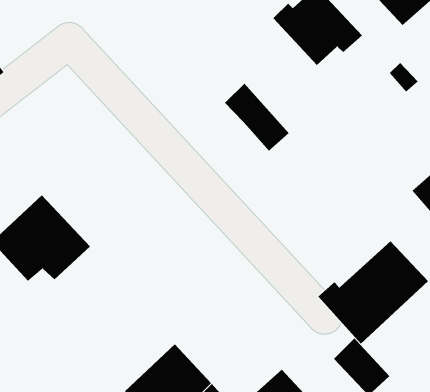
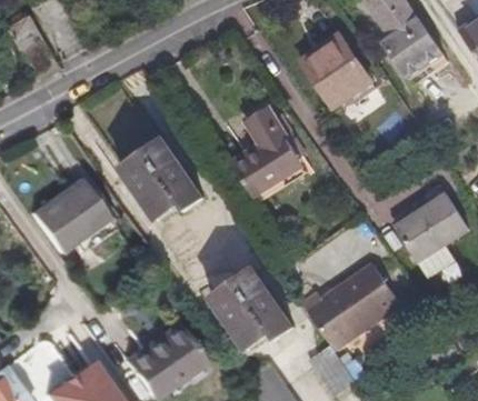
building: none -> [230,143,302,199]
building: none -> [121,140,202,219]
building: none -> [210,271,290,349]

